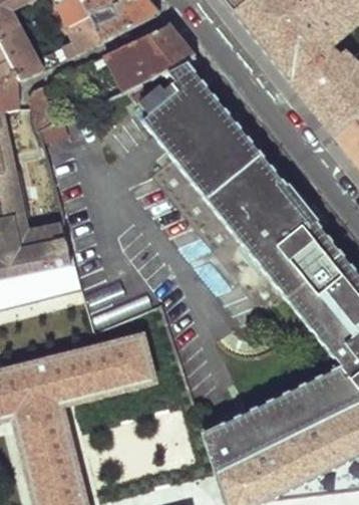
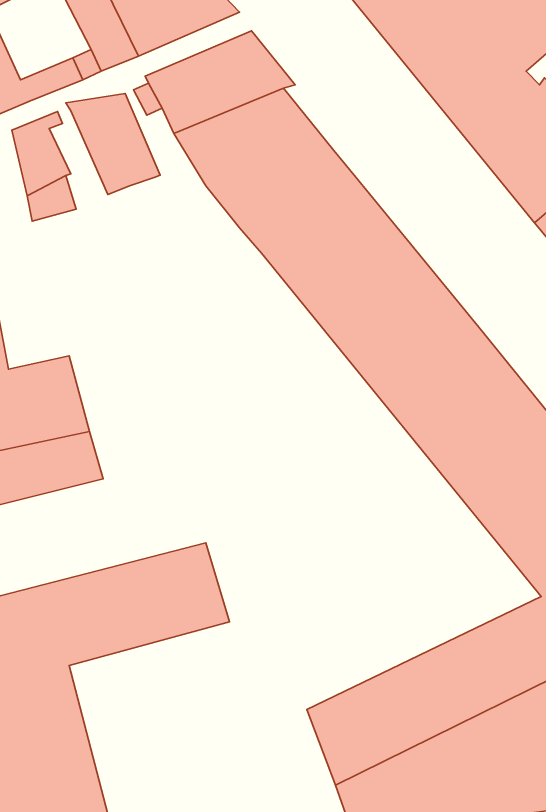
building: none -> [66,93,160,194]

